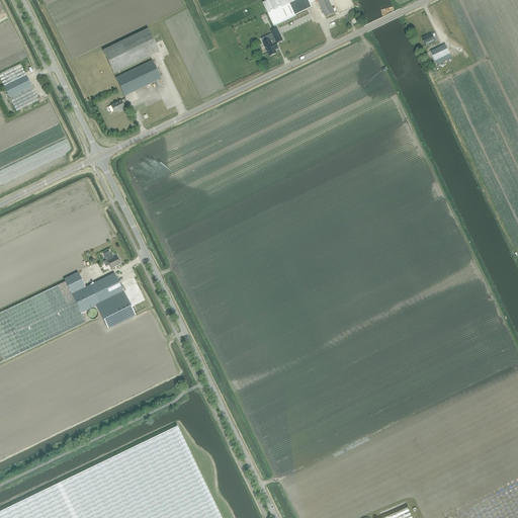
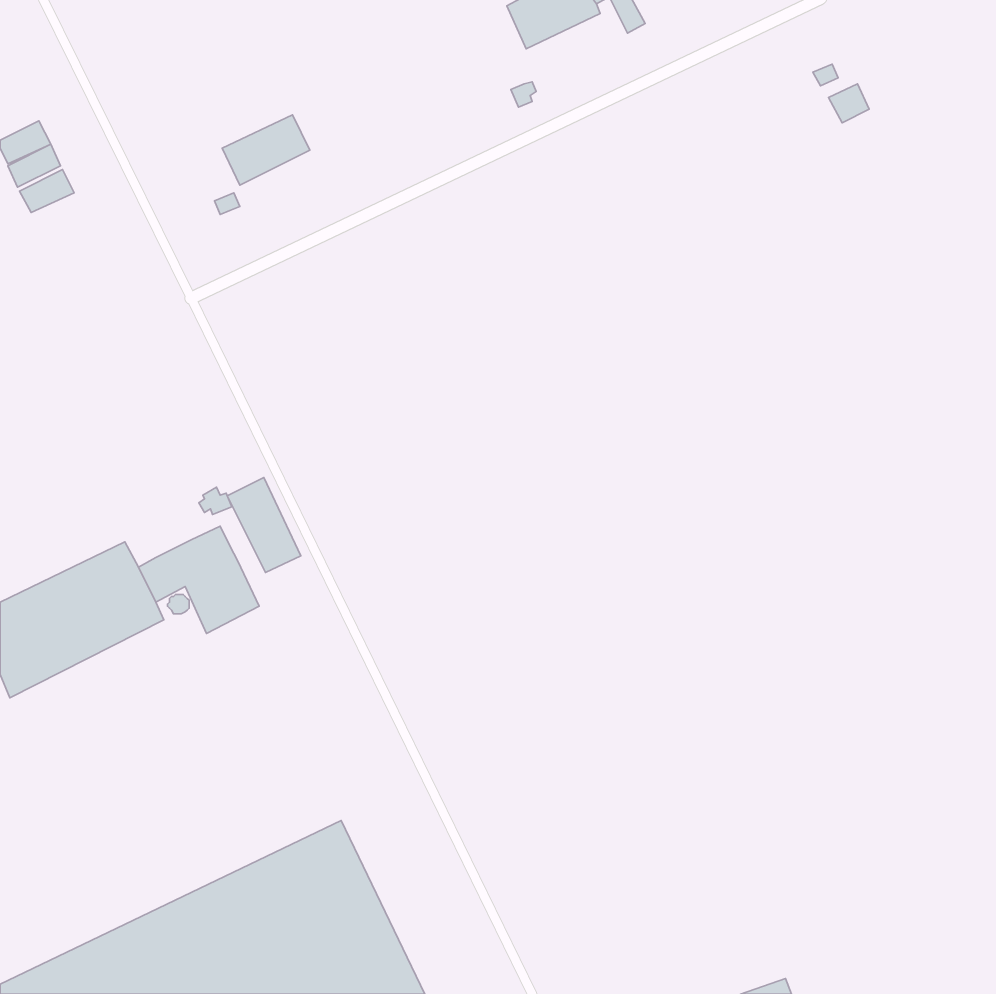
building: [102,28,159,73] -> none
building: none -> [227,478,301,572]

